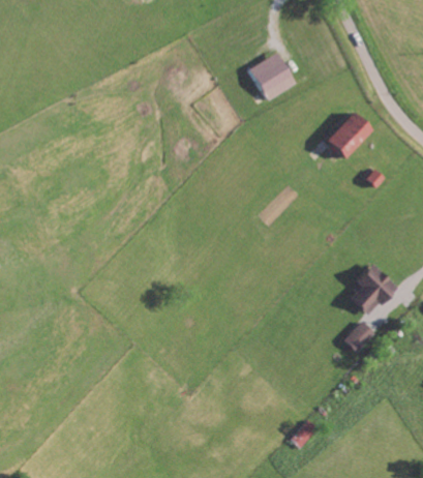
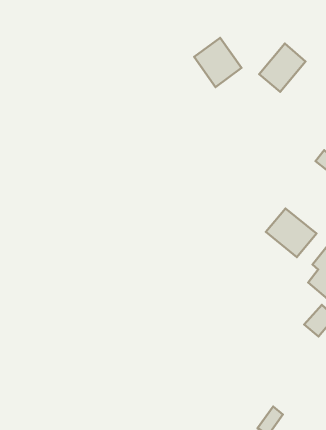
building: [325,111,371,158] -> [259,44,306,92]
building: none -> [266,208,316,257]

